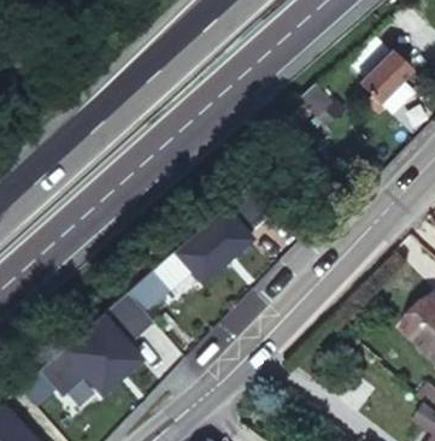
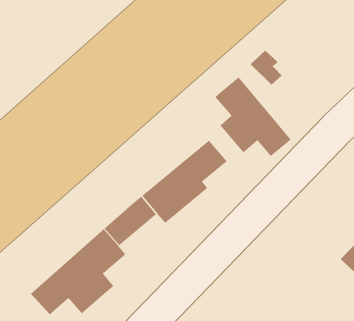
building: [353,51,407,102] -> none
building: none -> [215,76,292,157]

